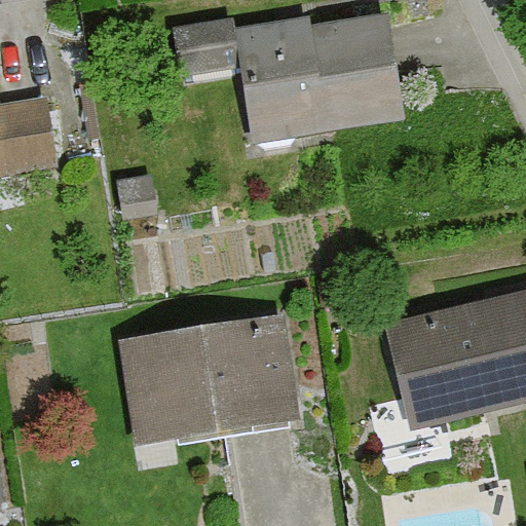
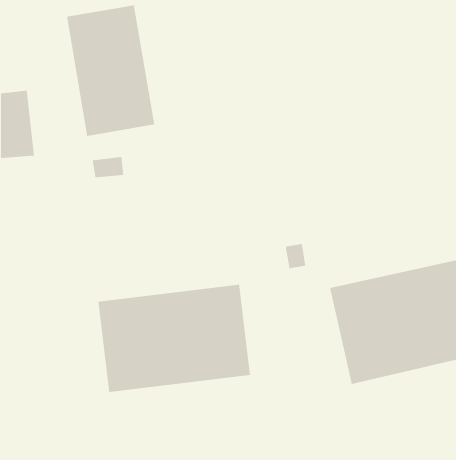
building: none -> [66,4,155,137]
building: [173,15,407,146] -> none

